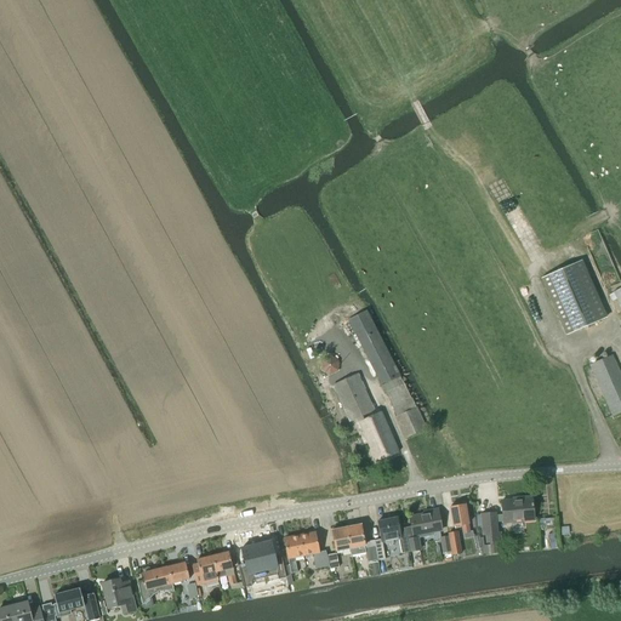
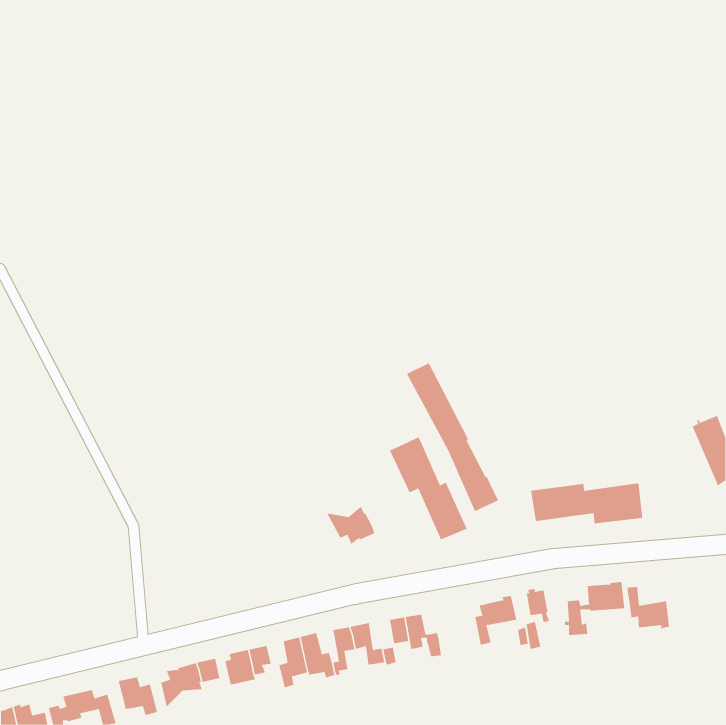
building: [542,260,605,334] -> none
building: none -> [531,483,643,524]
building: none -> [326,504,375,545]
building: none -> [627,586,669,629]
building: [374,517,409,559] -> none

